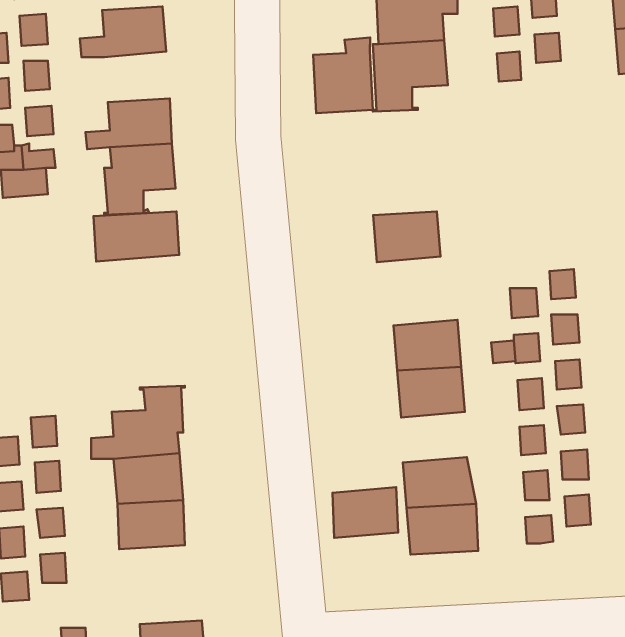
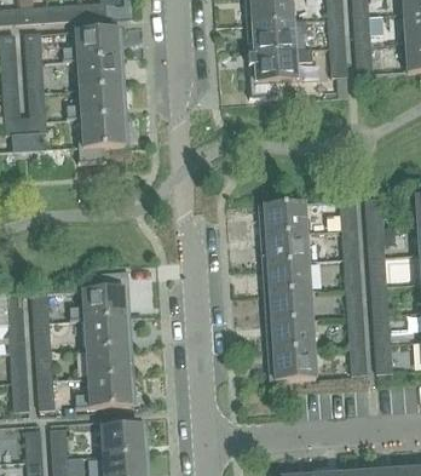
building: [313,38,373,113] -> none
building: none -> [77,56,120,88]
building: [93,211,179,261] -> none
building: [373,211,441,262] -> [261,200,305,233]
building: [332,487,398,538] -> [269,288,311,321]
building: none -> [74,374,132,408]

